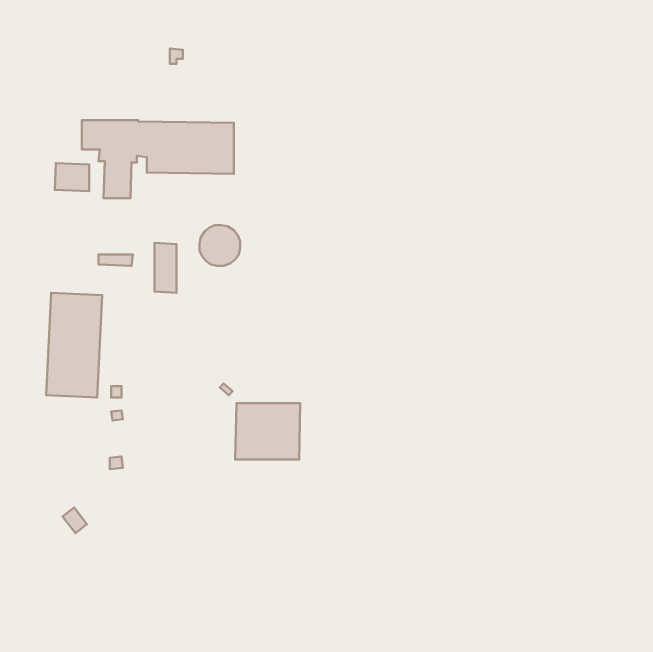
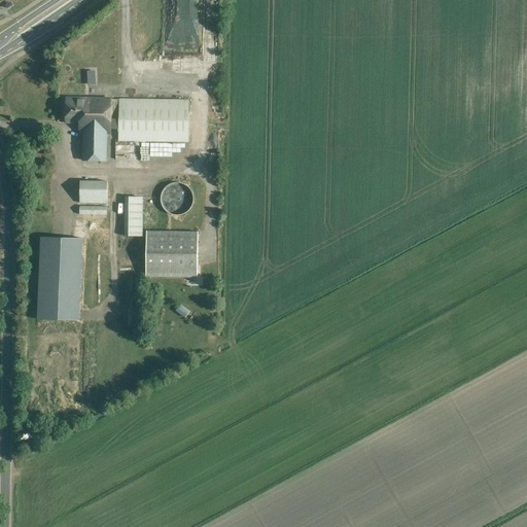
building: [55,163,89,191] -> [79,179,107,202]
building: [235,403,300,460] -> [145,231,198,276]

